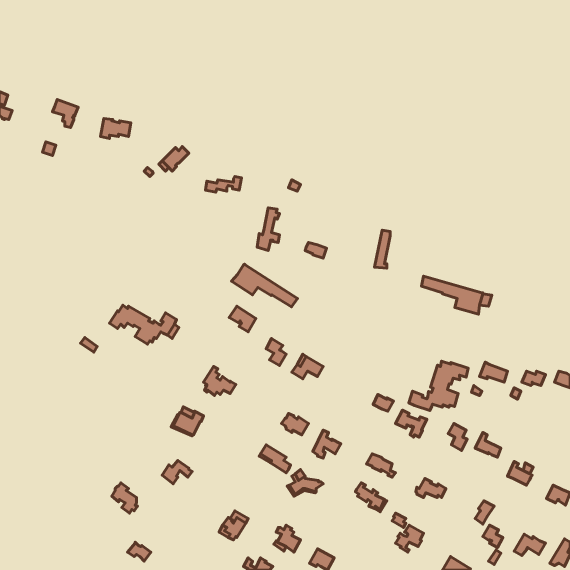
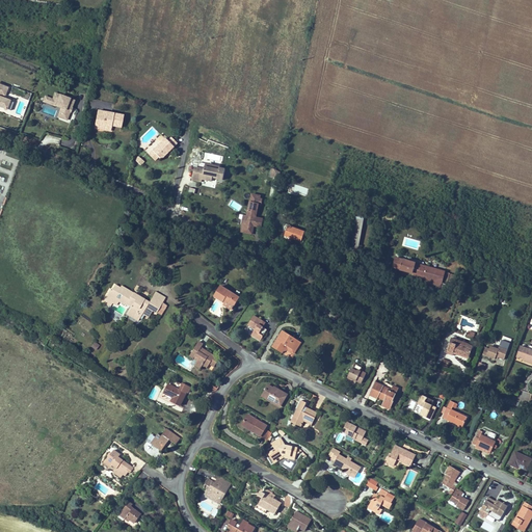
building: [231,264,297,307] -> none
building: [409,361,468,411] -> none

